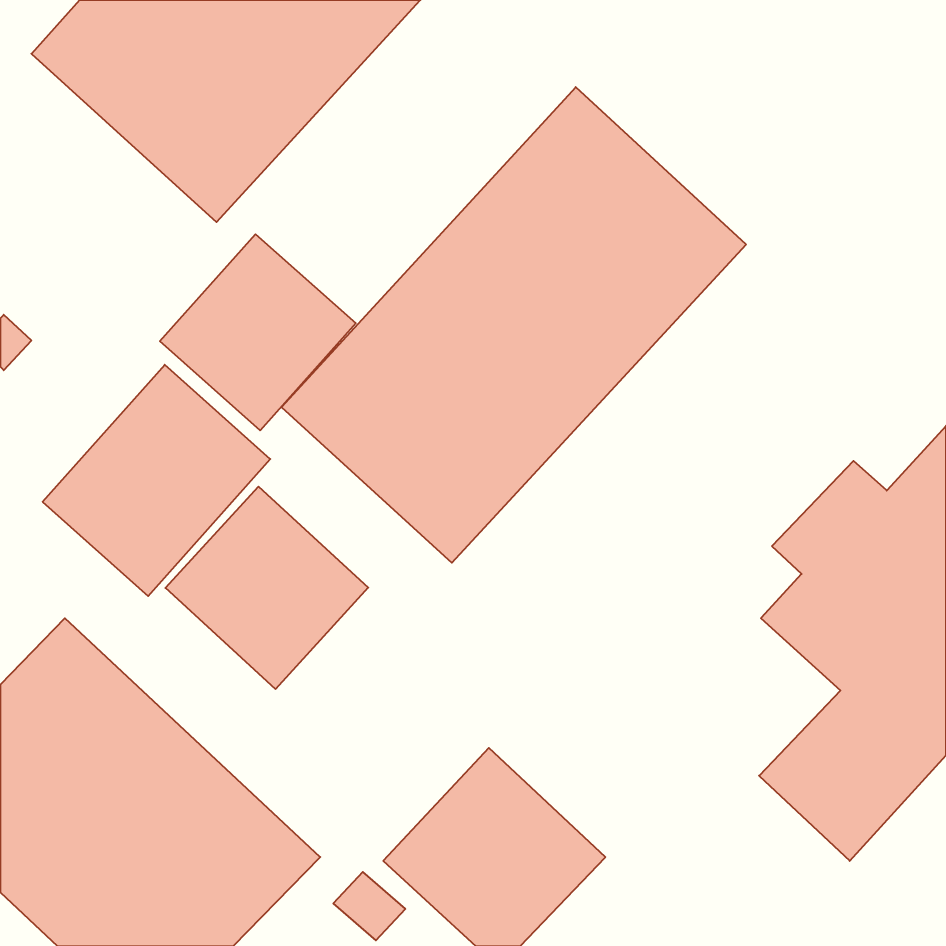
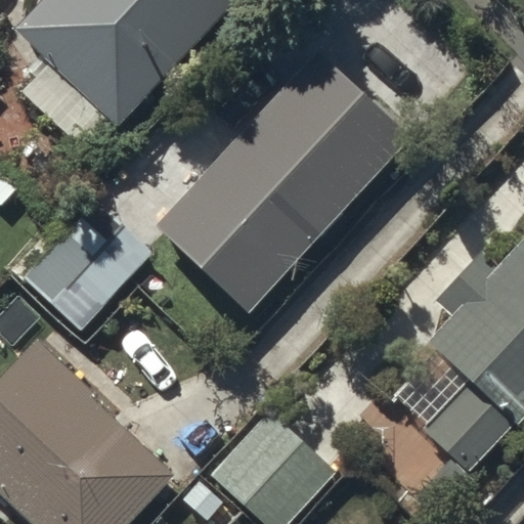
building: [160,234,356,430] -> none
building: [165,487,368,689] -> none

